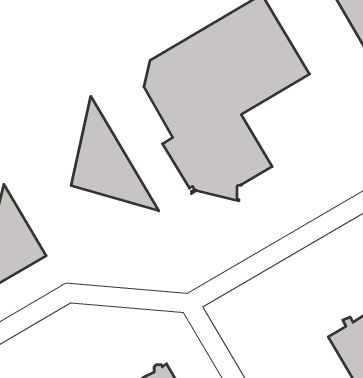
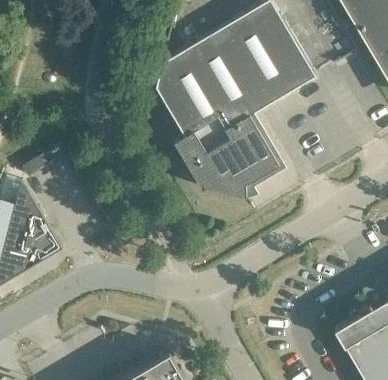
building: [71,96,159,211] -> none

